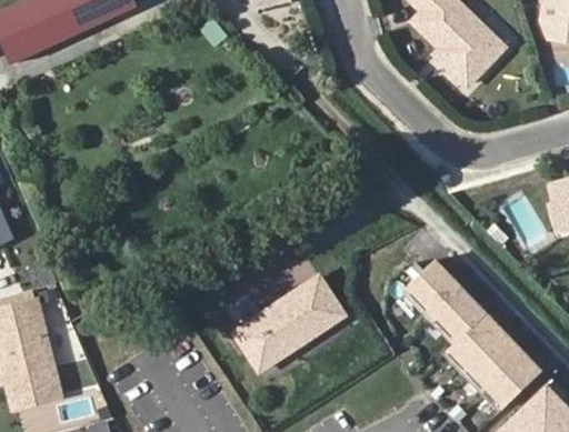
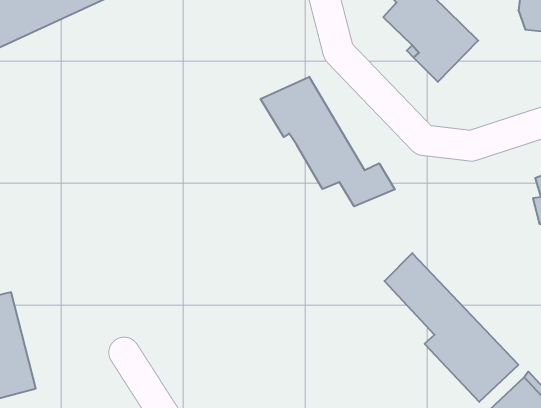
building: none -> [261,77,395,206]
building: [236,280,345,372] -> none

